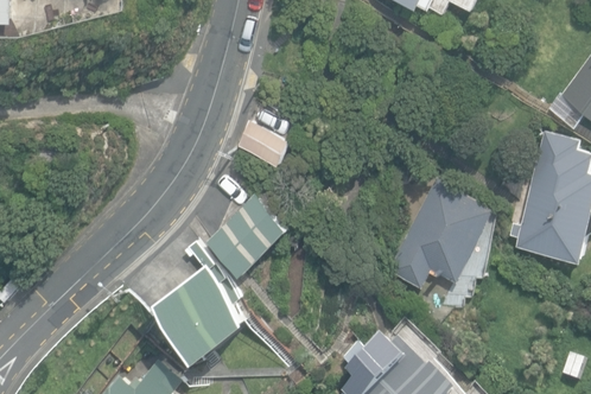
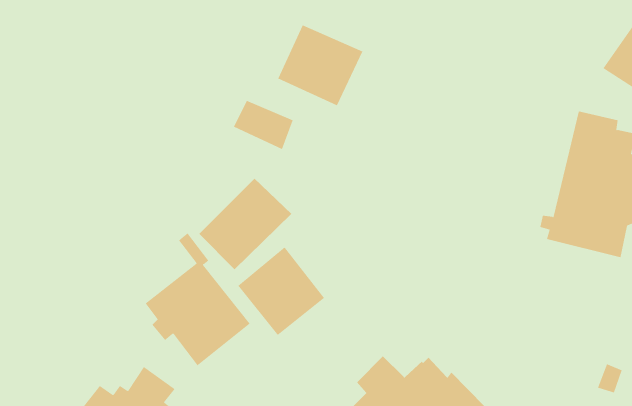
building: none -> [277,24,363,106]
building: [386,179,494,288] -> none
building: none -> [238,247,325,336]

